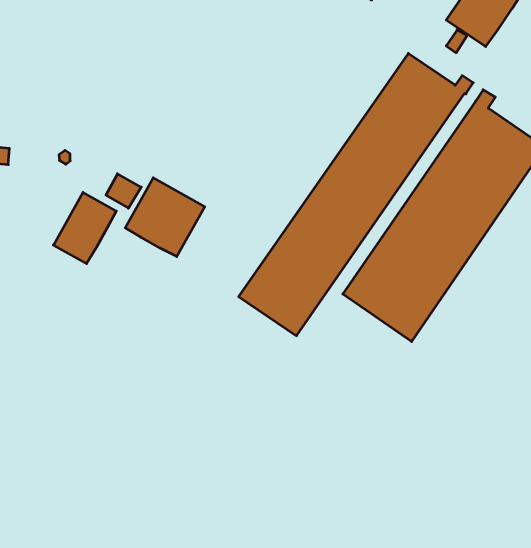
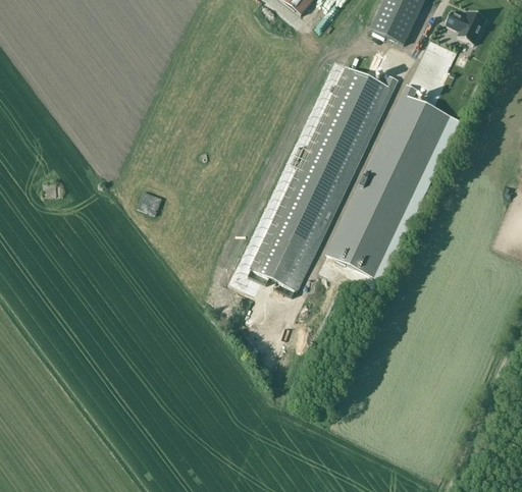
building: [125,178,205,257] -> none
building: [53,192,116,264] -> none

